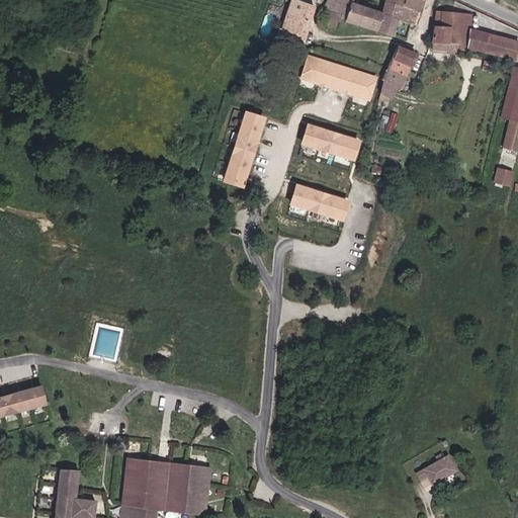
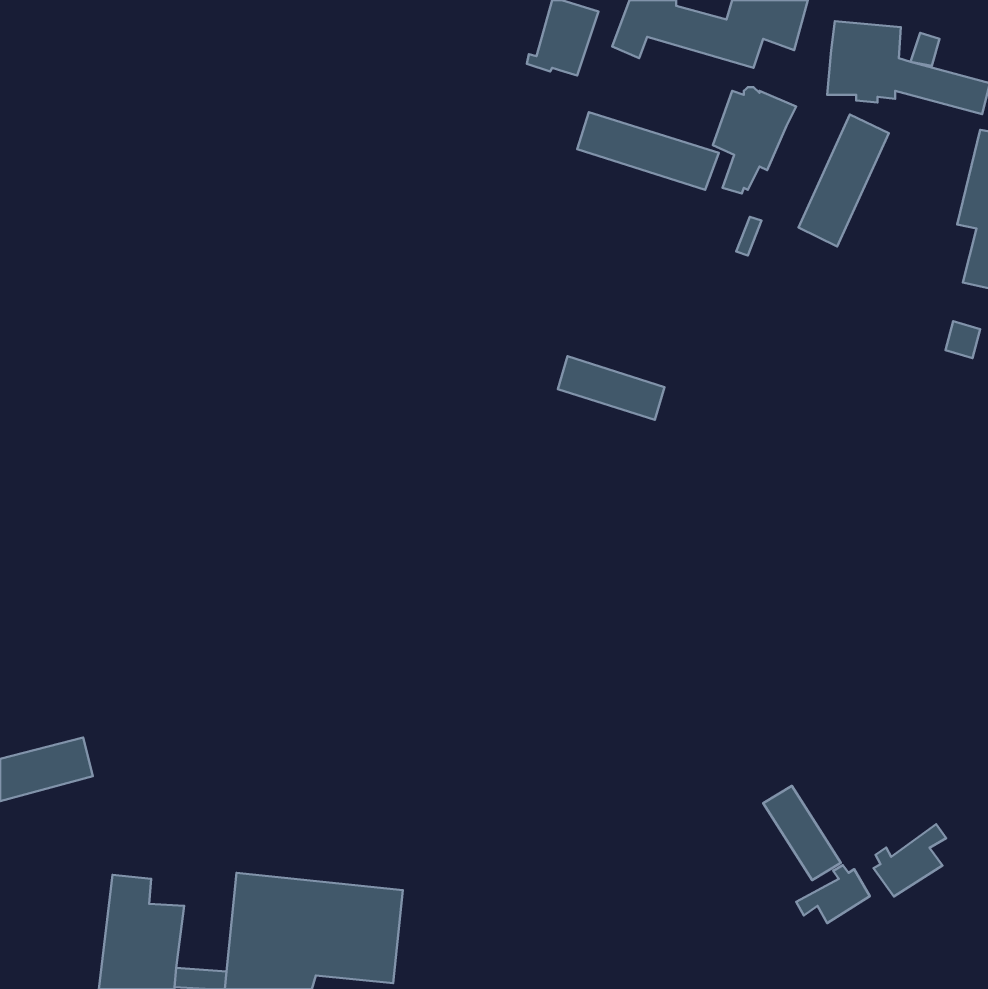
building: none -> [798,115,889,246]
building: [226,113,264,186] -> none
building: [303,126,359,159] -> none
building: none -> [763,786,841,880]
building: none -> [874,824,946,897]

